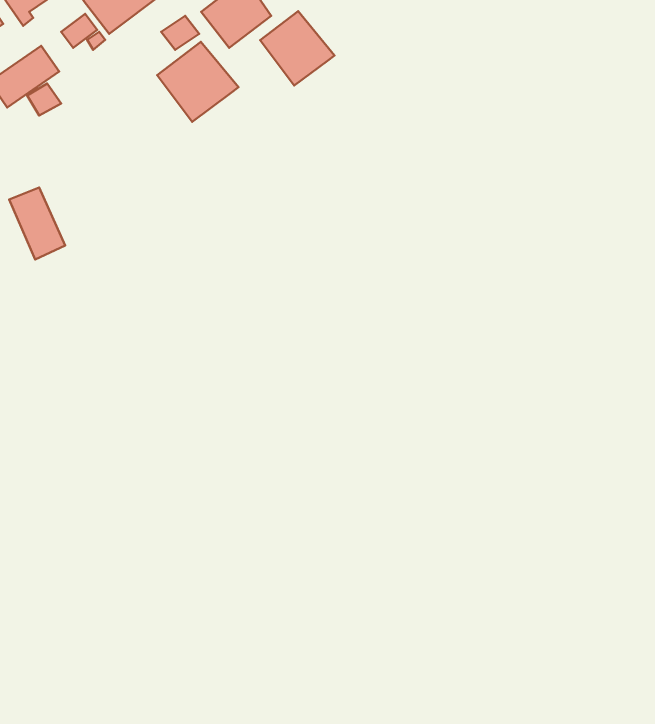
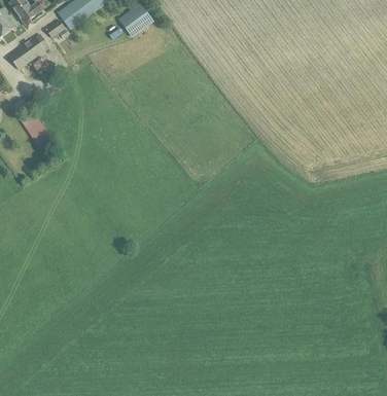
building: [260,11,334,85] -> none
building: [157,42,238,122] -> none

